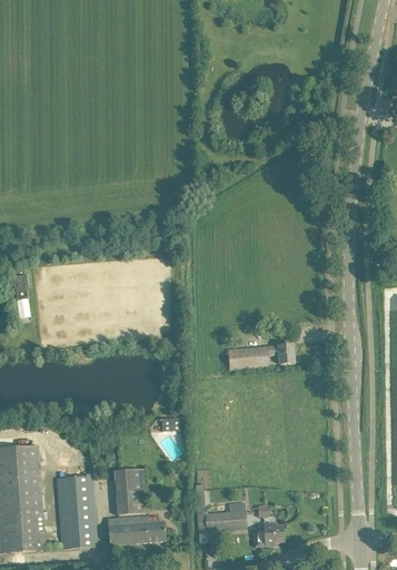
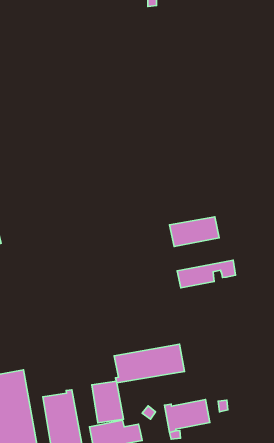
building: none -> [169,217,219,246]
building: none -> [114,344,185,383]
building: [254,522,284,547] -> none

